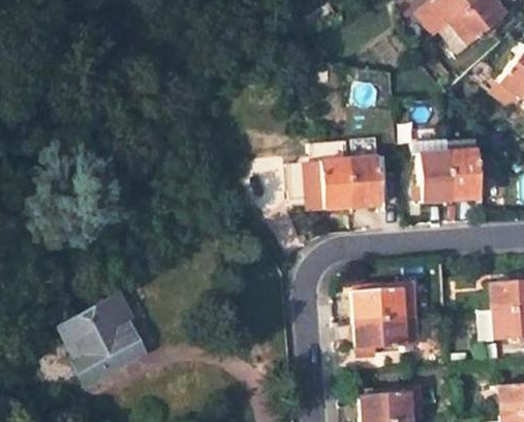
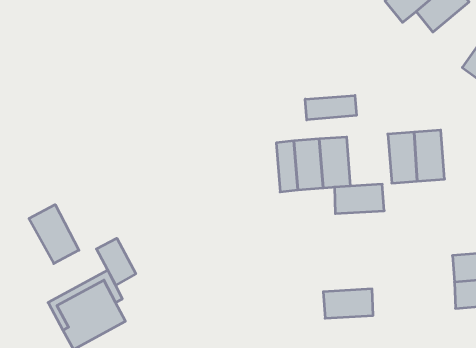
building: none -> [305,95,356,120]
building: none -> [29,205,79,264]
building: none -> [96,238,136,285]
building: [352,288,405,319] -> [334,184,384,214]

